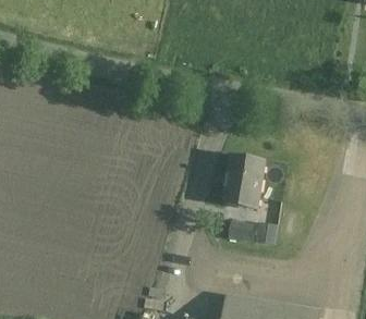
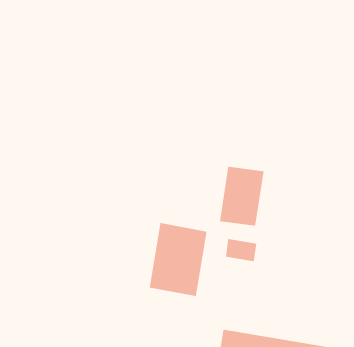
building: none -> [149,222,207,297]

